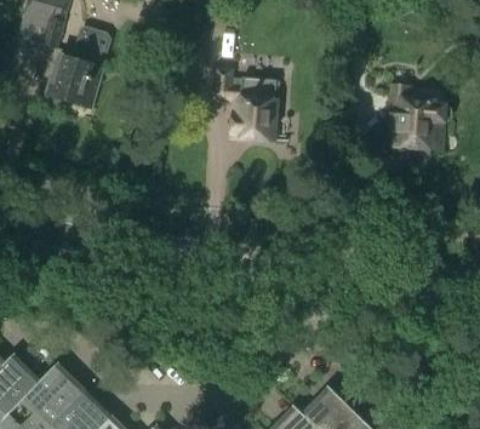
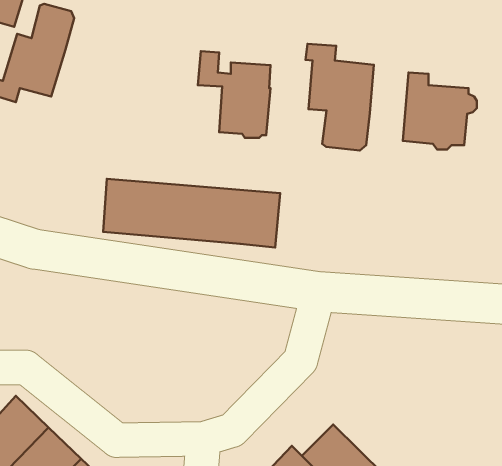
building: none -> [306,44,374,151]
building: none -> [103,179,280,247]

